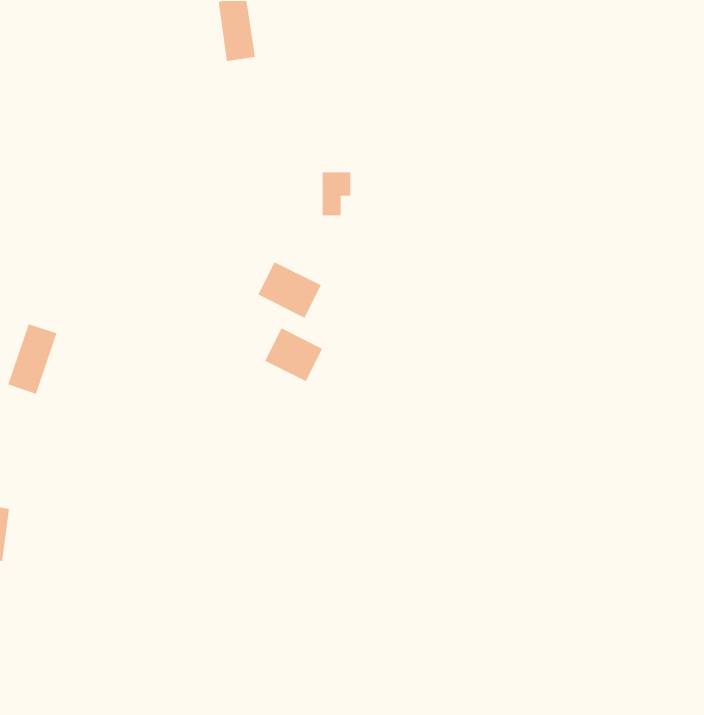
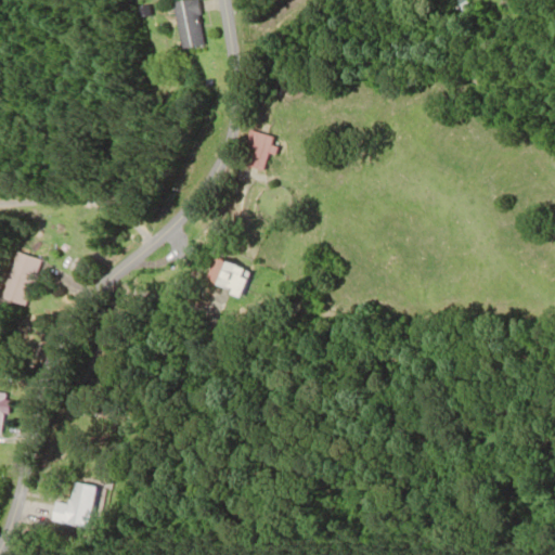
building: [257,261,322,319] -> none
building: none -> [53,481,101,529]

